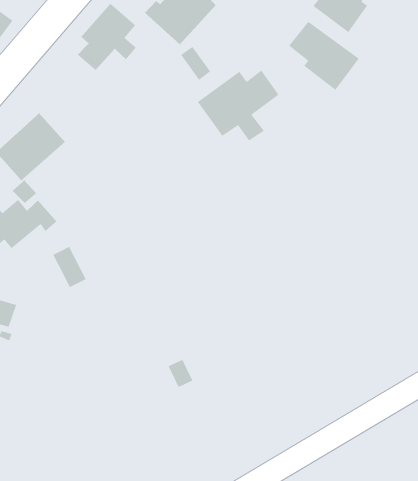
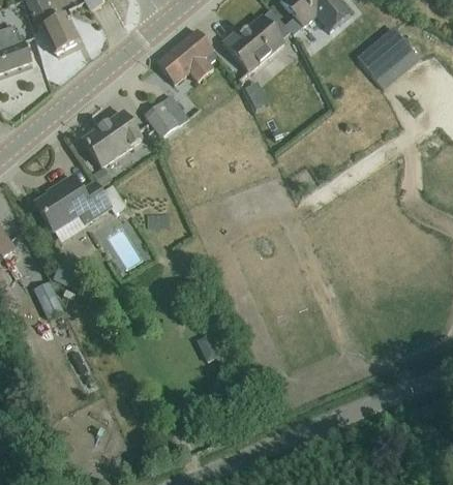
building: [288,21,360,91] -> none
building: [197,69,279,142] -> none
building: none -> [144,94,187,138]

